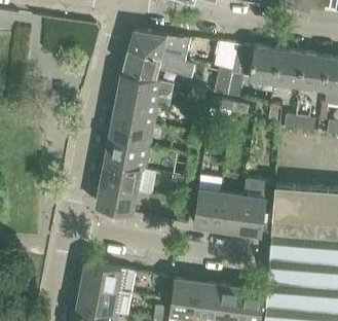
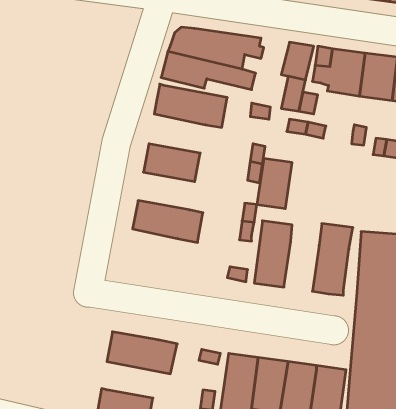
building: [114,96,157,126] -> none
building: [106,140,149,169] -> none
building: [98,183,136,213] -> none
building: [217,192,243,230] -> [257,159,292,209]
building: [78,284,130,314] -> none

